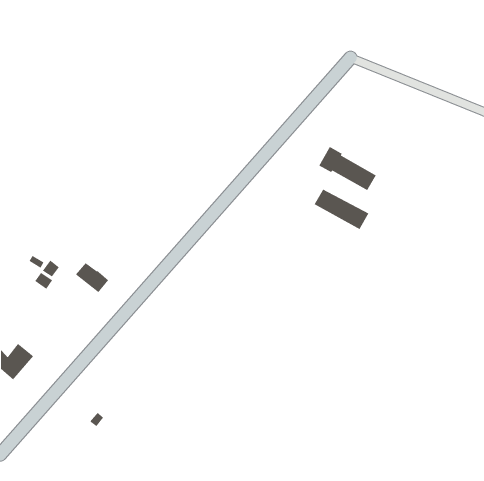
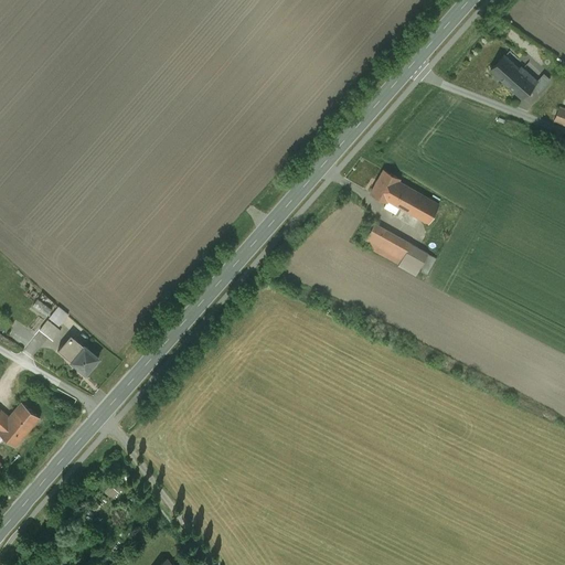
building: none -> [490,58,536,102]
building: [75,262,109,293] -> [58,338,98,374]

